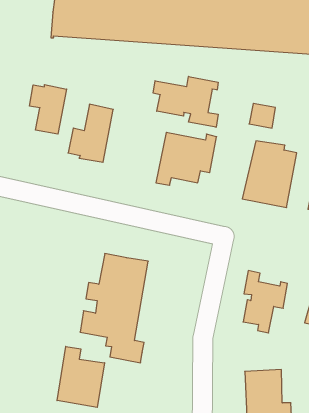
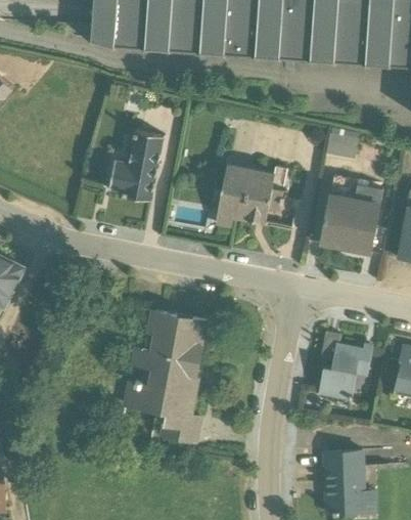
building: [153,76,218,127] -> none
building: [30,85,67,134] -> none
building: [57,346,105,407] -> none

